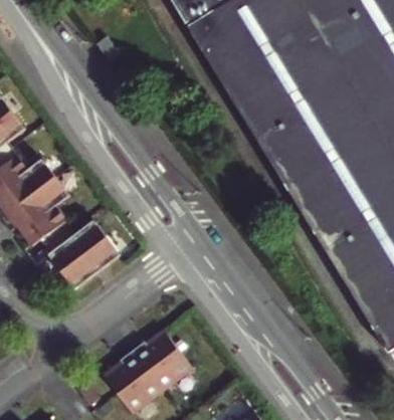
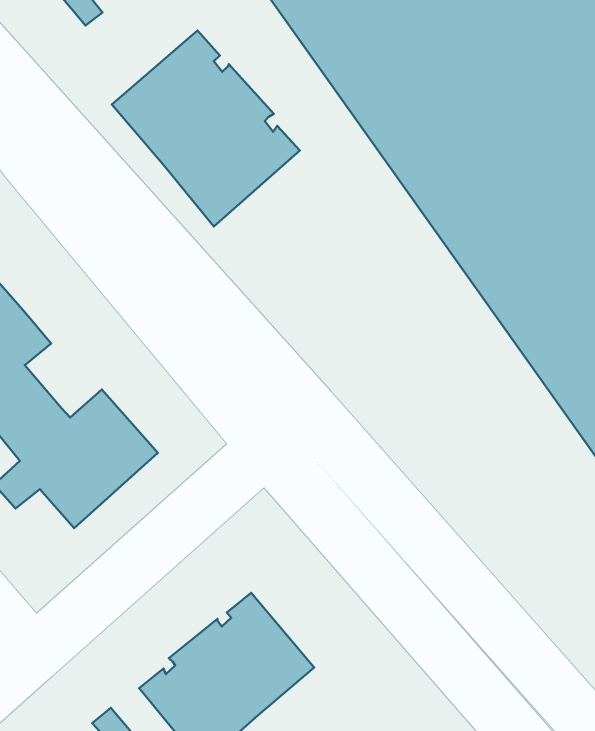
building: none -> [112,31,300,227]

